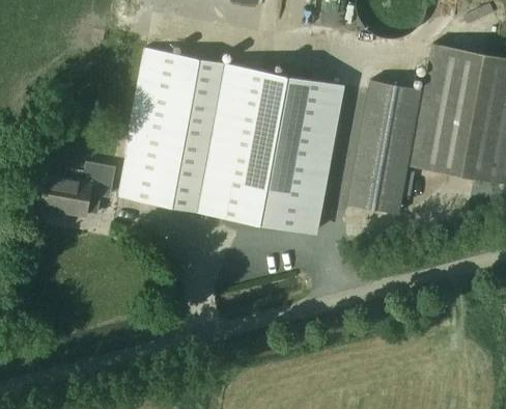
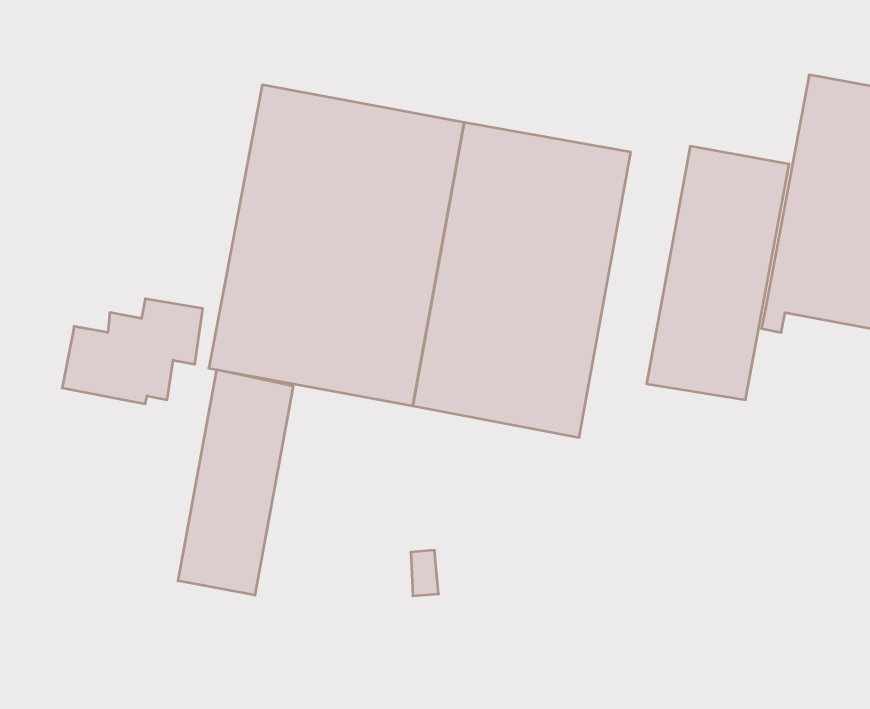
building: none -> [178,370,293,595]

